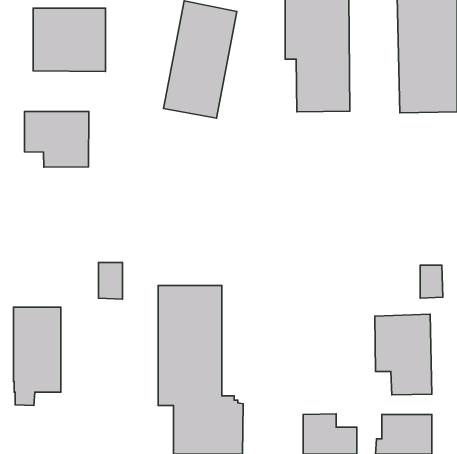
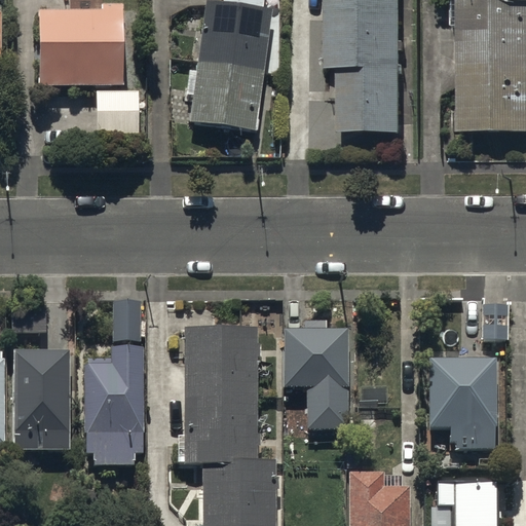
building: [25,111,89,167] -> none
building: none -> [285,320,348,430]
building: none -> [85,348,143,464]

